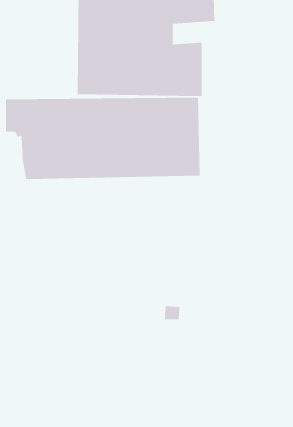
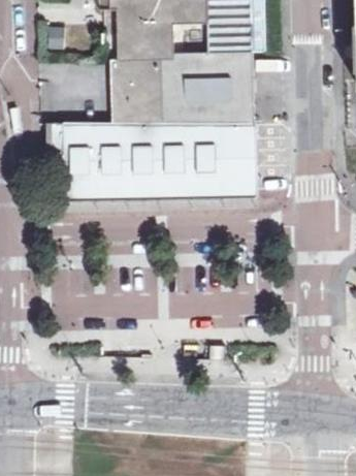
building: none -> [221,30,267,54]

